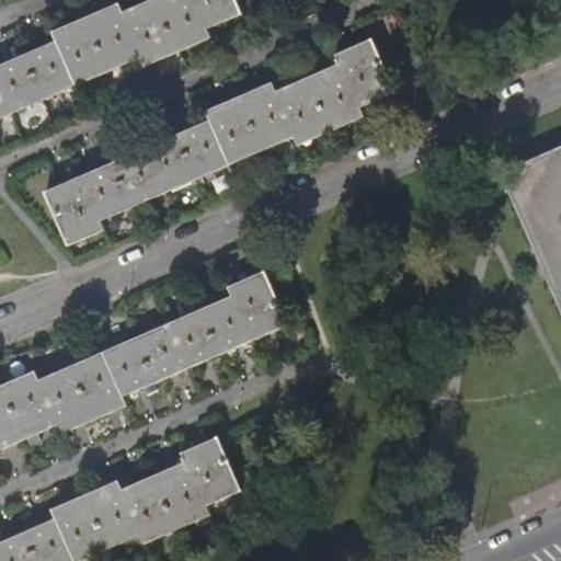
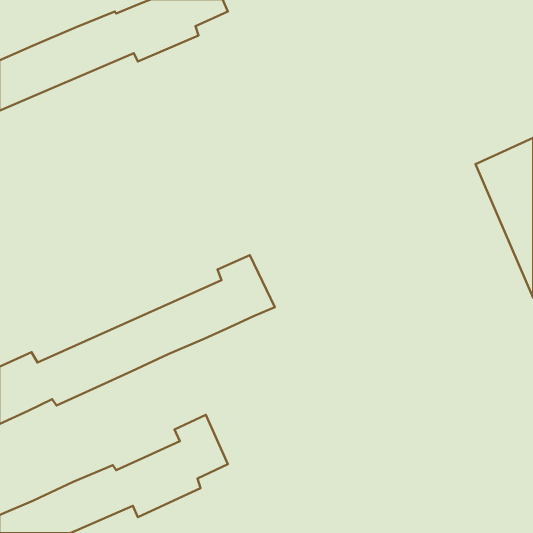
building: [45,38,393,242] -> none

